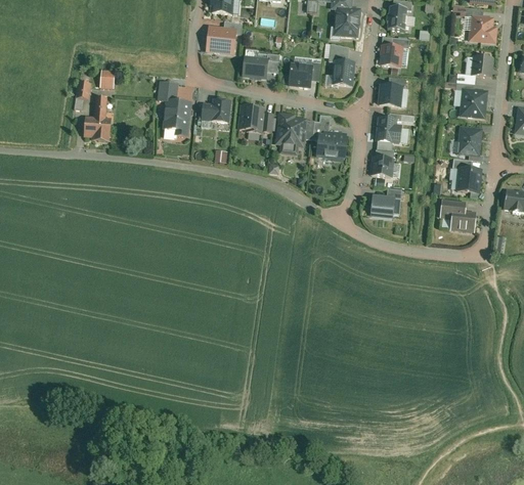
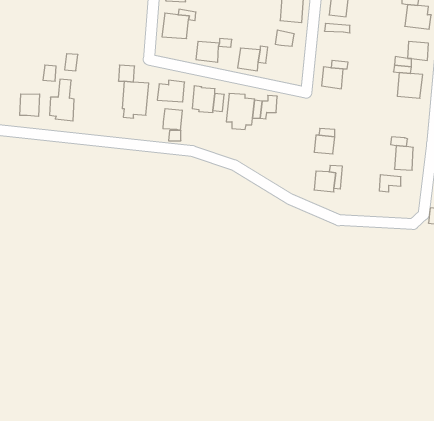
building: [380,45,402,67] -> none
building: [333,60,354,85] -> none
building: none -> [20,94,40,116]
building: [375,119,397,142] -> none
building: [458,127,481,155] -> none
building: none -> [163,109,182,130]
building: [317,133,345,160] -> none
building: [450,212,475,233] -> none

